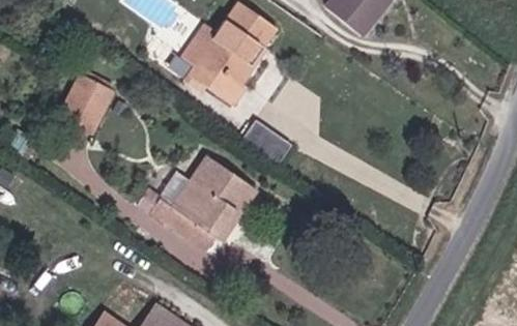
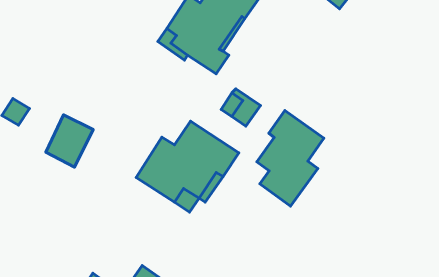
building: [61,76,111,130] -> [46,115,93,167]
building: none -> [257,110,324,206]

